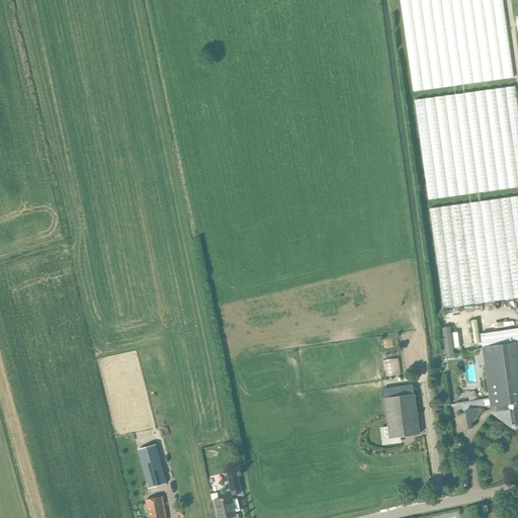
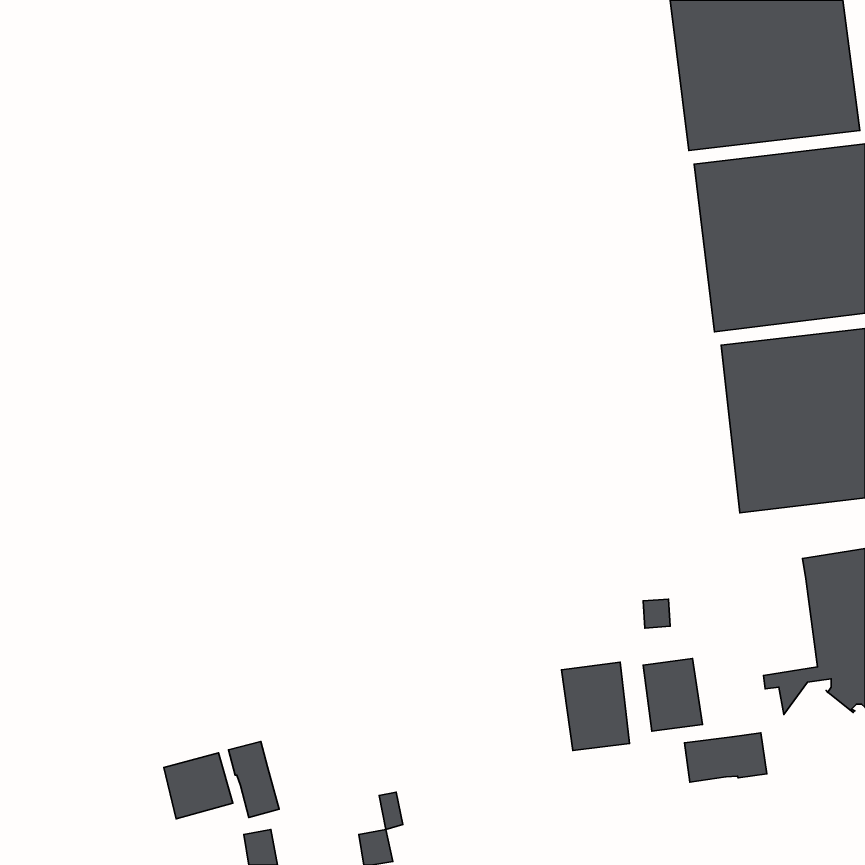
building: none -> [562,662,629,751]
building: none -> [685,733,767,782]
building: none -> [164,753,233,819]

